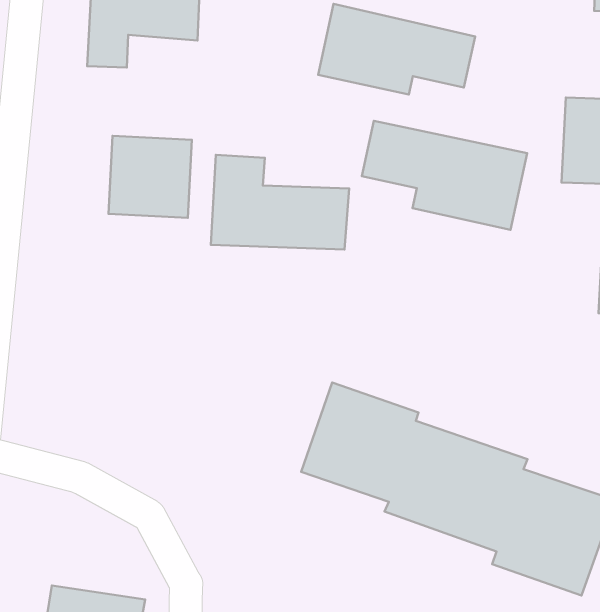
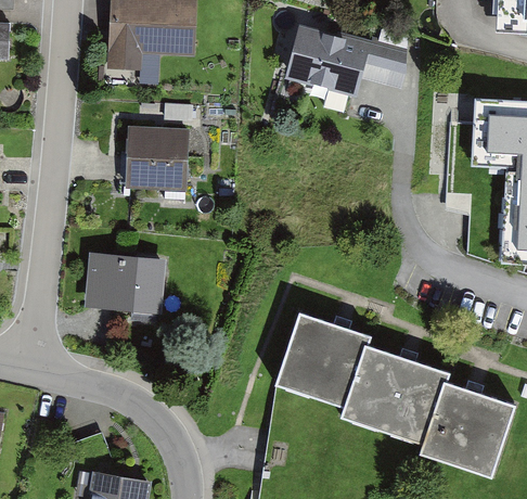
building: [362,121,527,230] -> none
building: [211,155,349,250] -> none
building: none -> [82,251,163,312]

